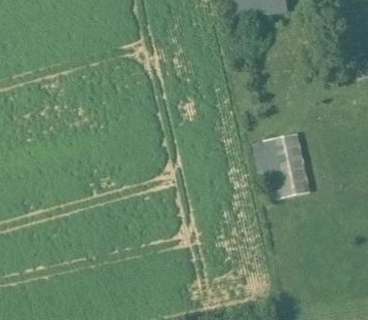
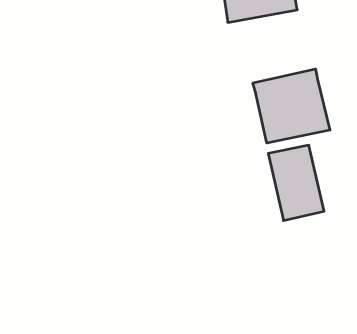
building: none -> [253,69,330,143]

